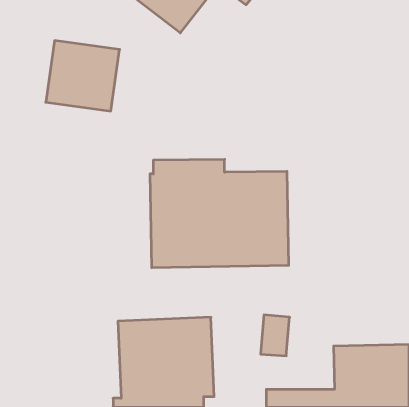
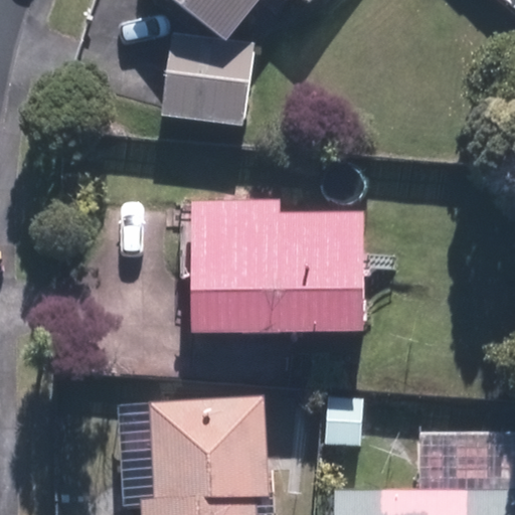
building: [46,41,120,111] -> [160,39,252,128]

